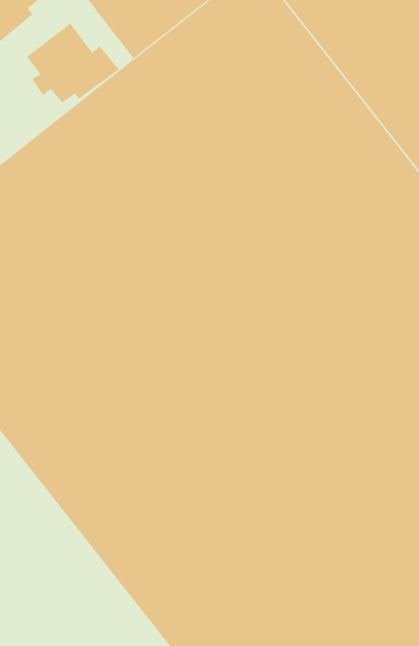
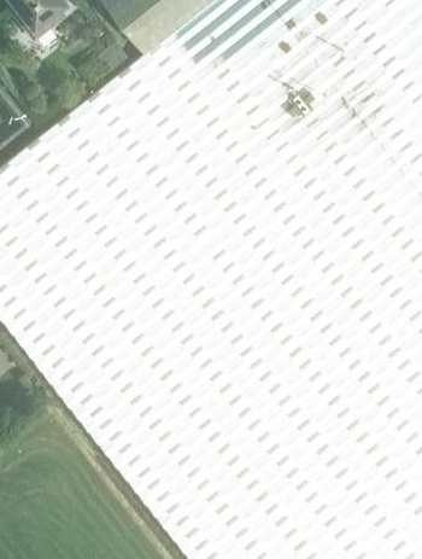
building: [26,23,120,103] -> none

